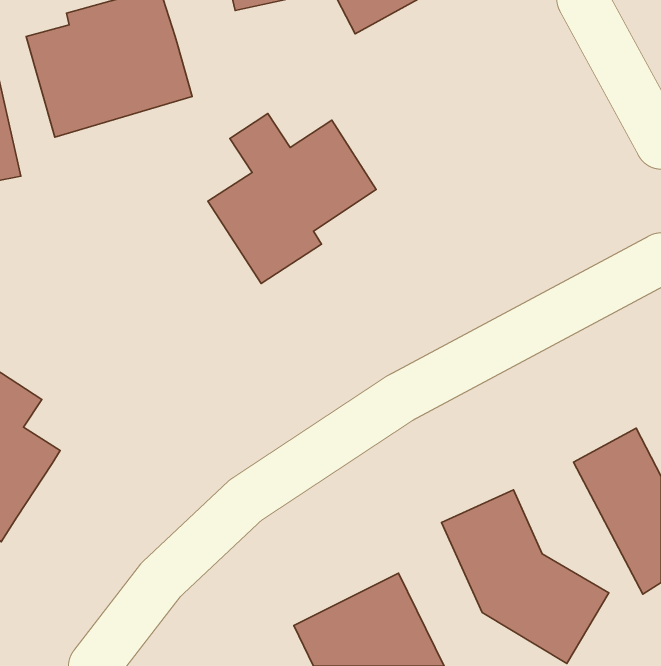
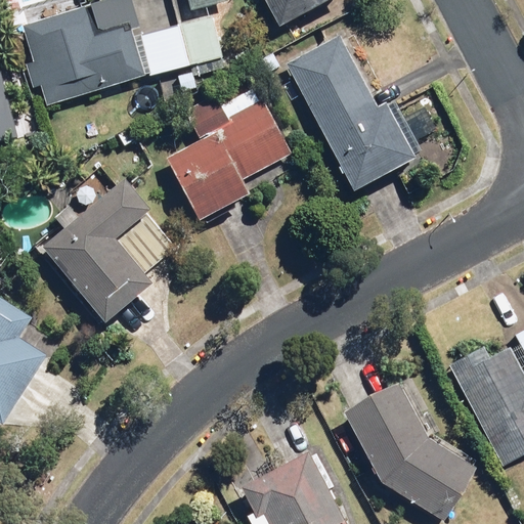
building: none -> [139,15,220,89]
building: none -> [279,29,418,193]
building: none -> [41,175,174,323]

